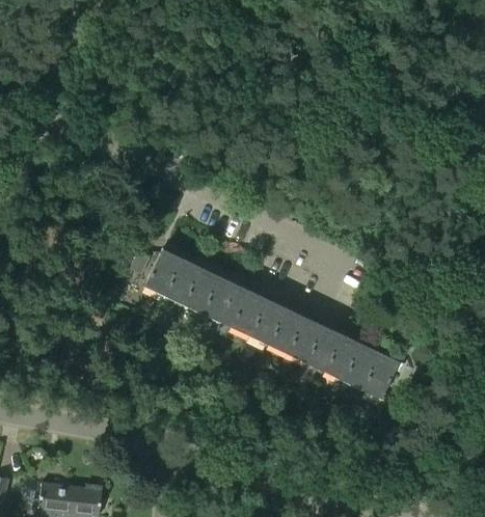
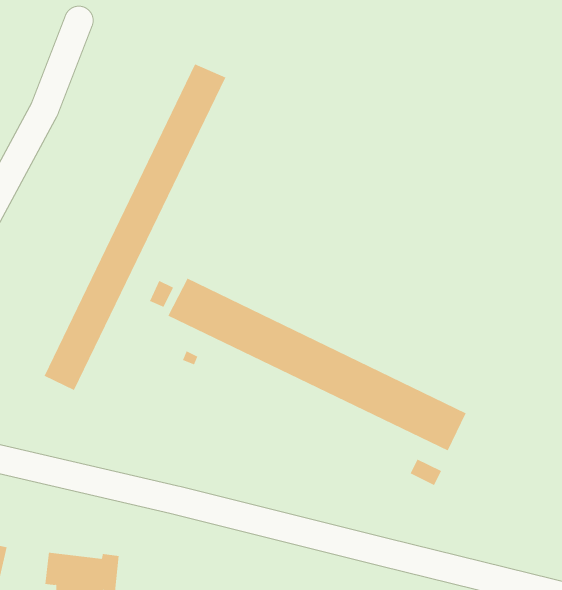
building: none -> [44,63,226,391]

